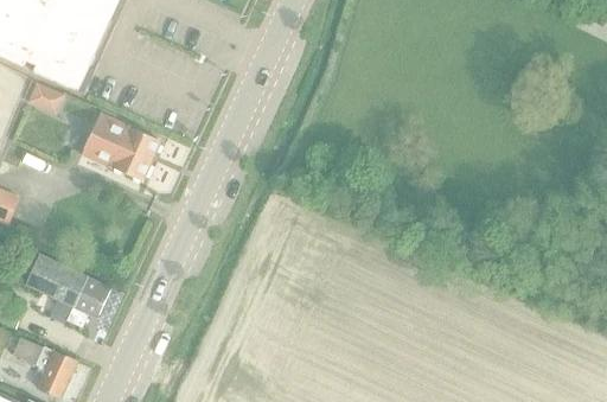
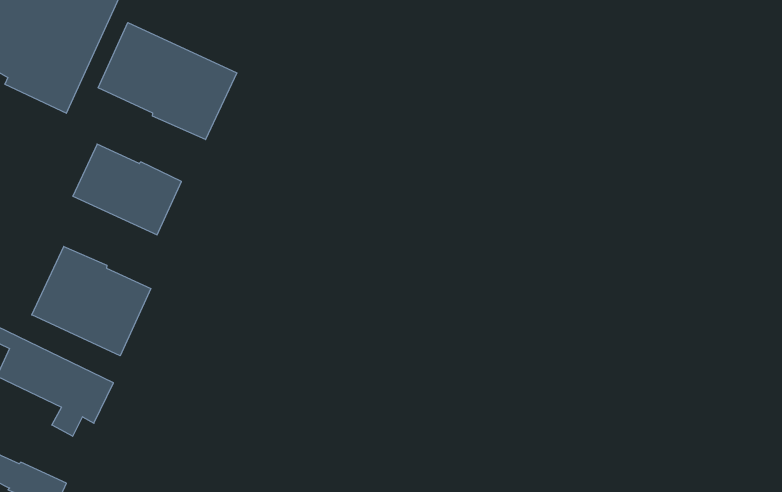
building: none -> [98,23,237,140]
building: none -> [32,246,151,356]

